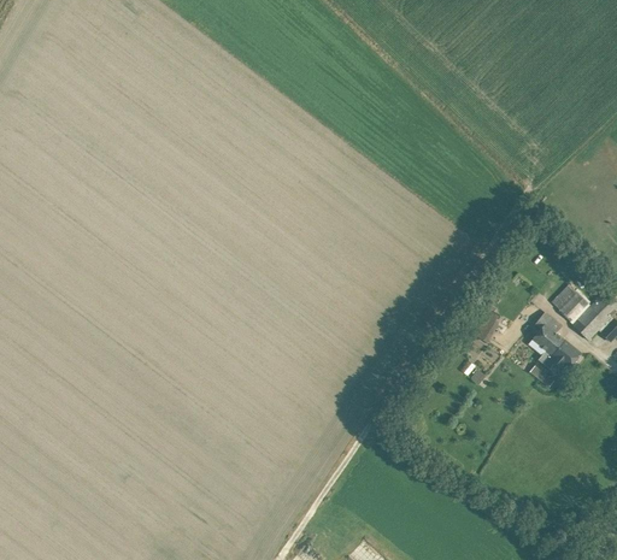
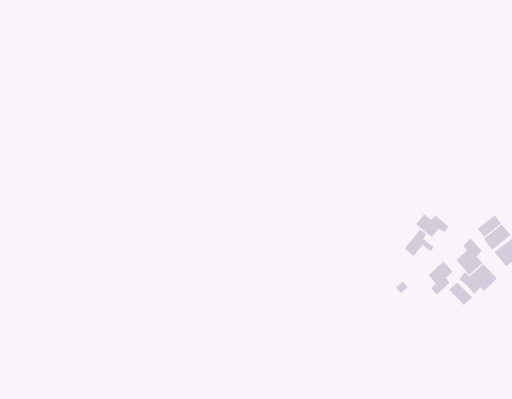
building: none -> [415,213,450,238]
building: none -> [428,261,453,295]

